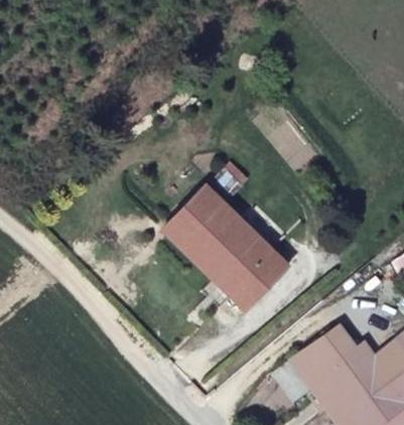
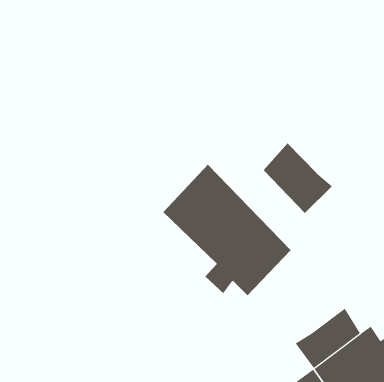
building: none -> [263,142,333,214]

